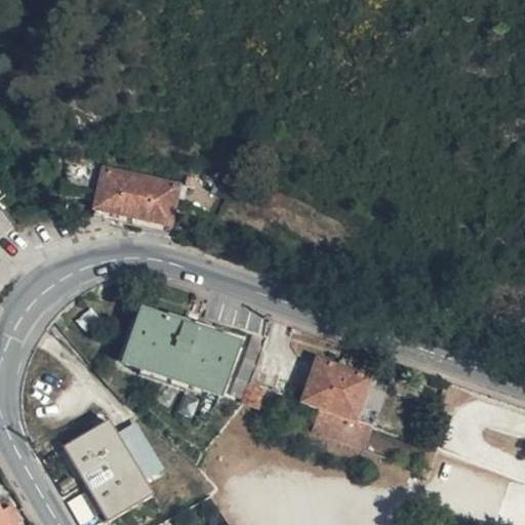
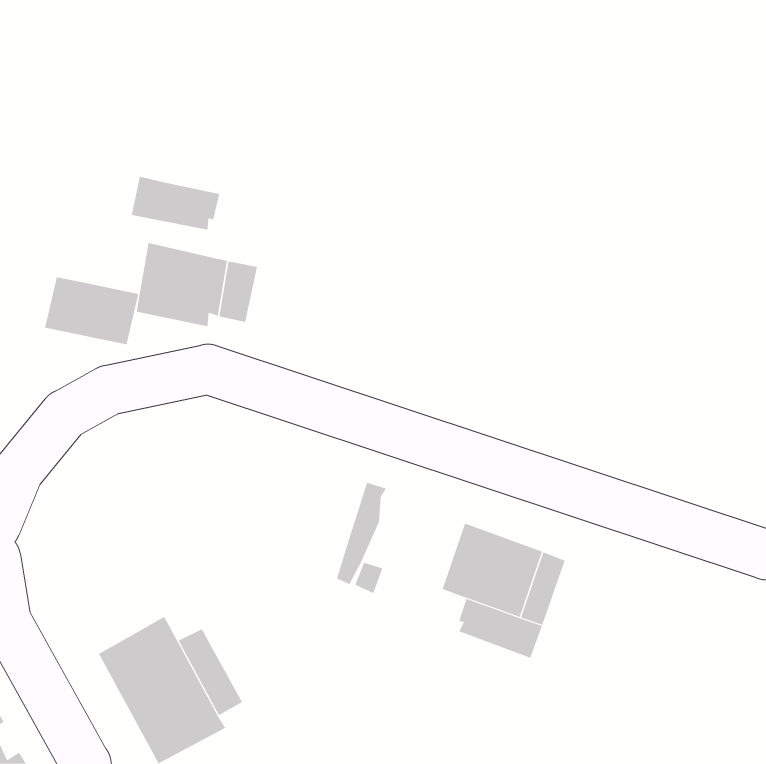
building: none -> [131,176,220,231]
building: none -> [44,277,139,345]
building: [118,301,234,394] -> none

